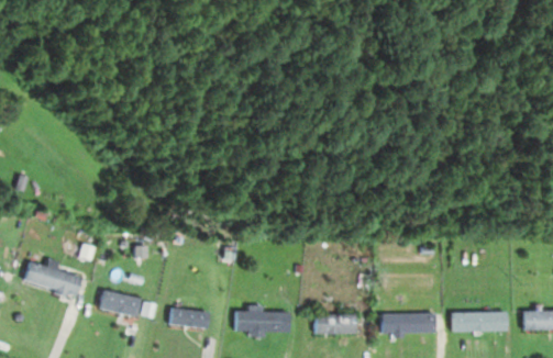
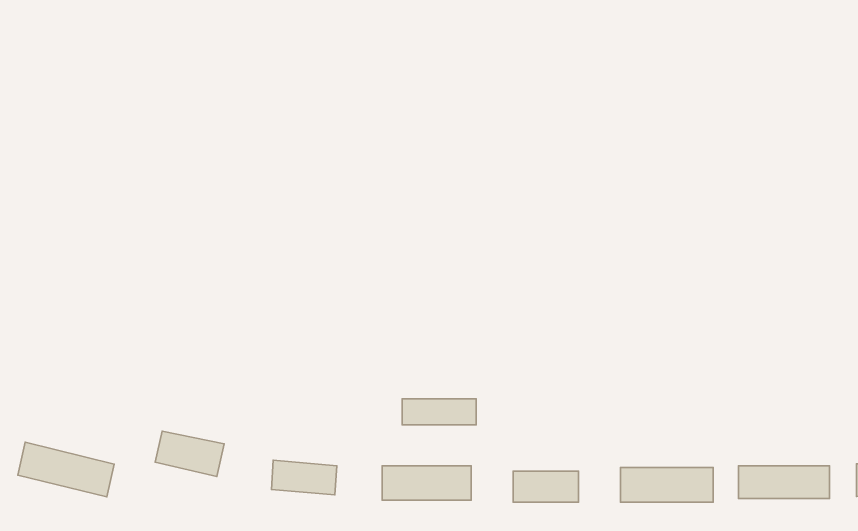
building: [23,264,81,297] -> [18,442,114,497]
building: none -> [402,399,476,425]

